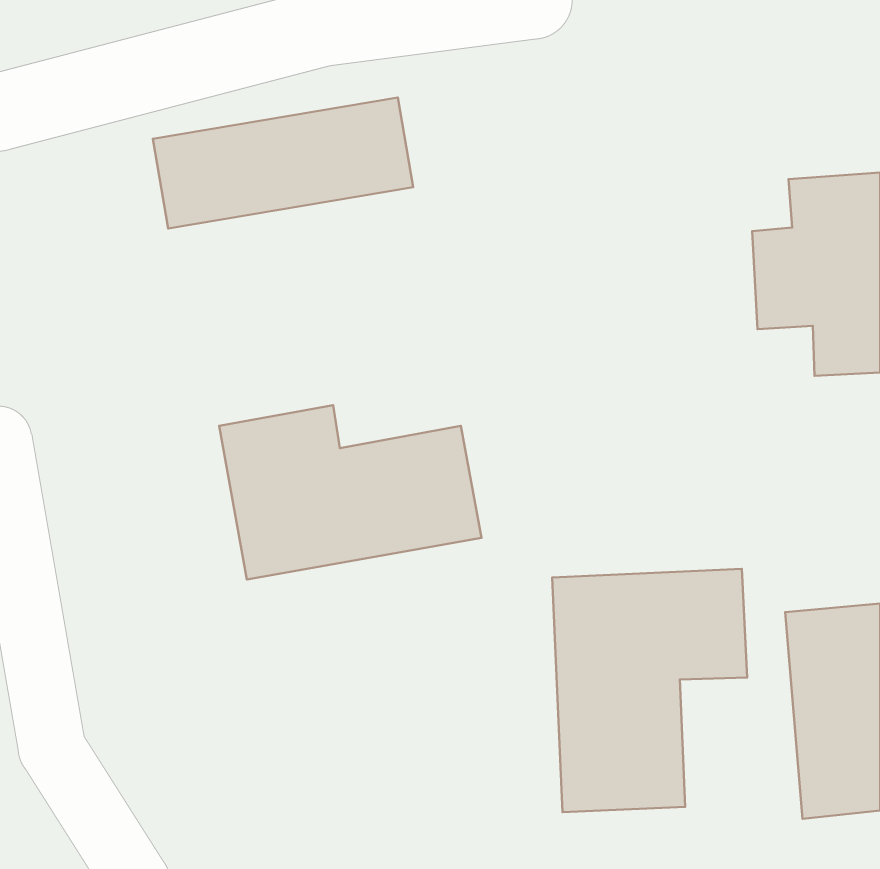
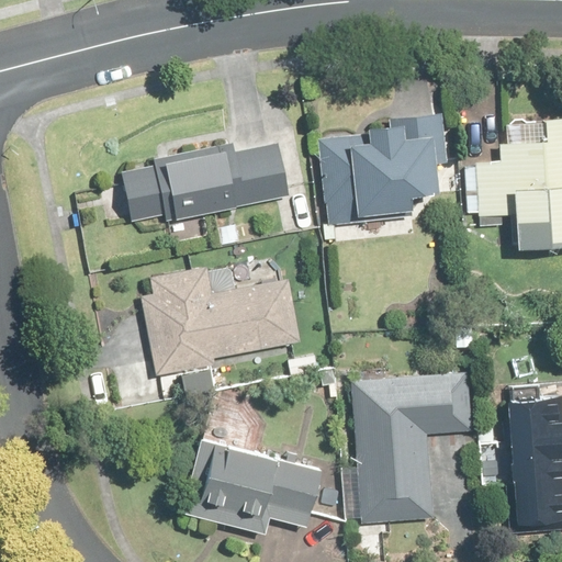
building: [153,97,413,228] -> [127,143,293,226]
building: none -> [321,113,445,220]
building: none -> [179,434,321,533]

